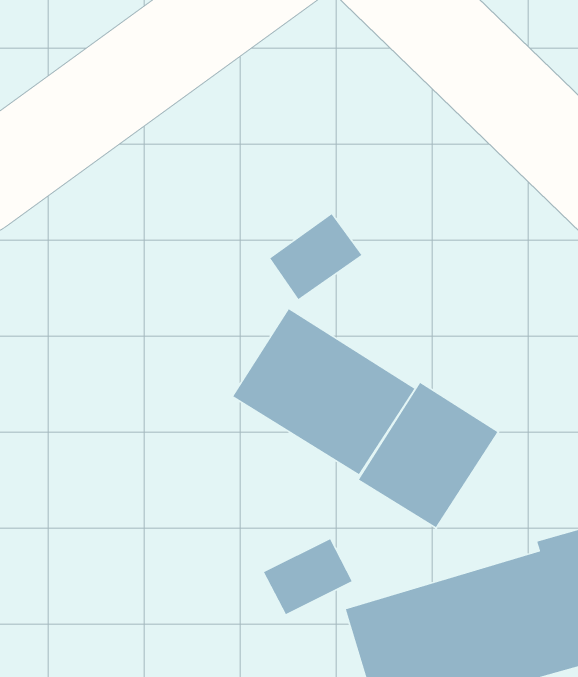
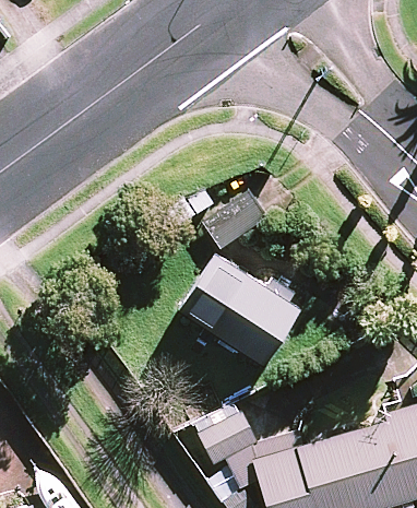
building: [358,382,499,528] -> none

